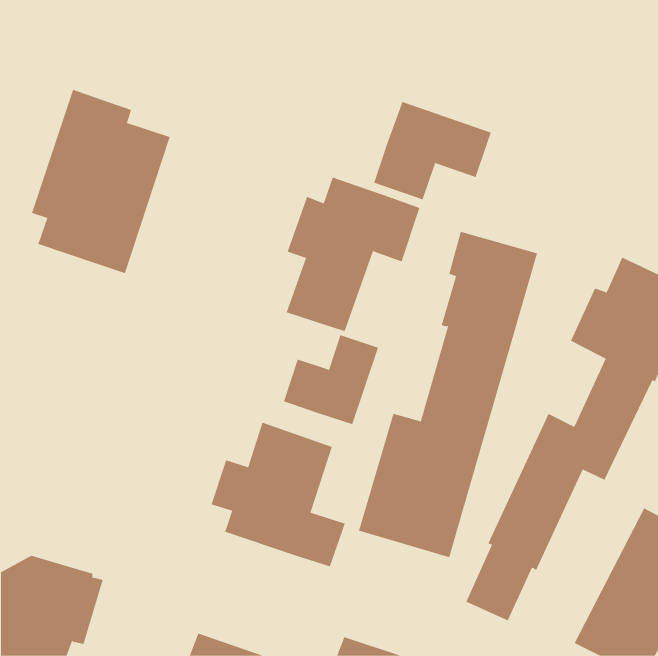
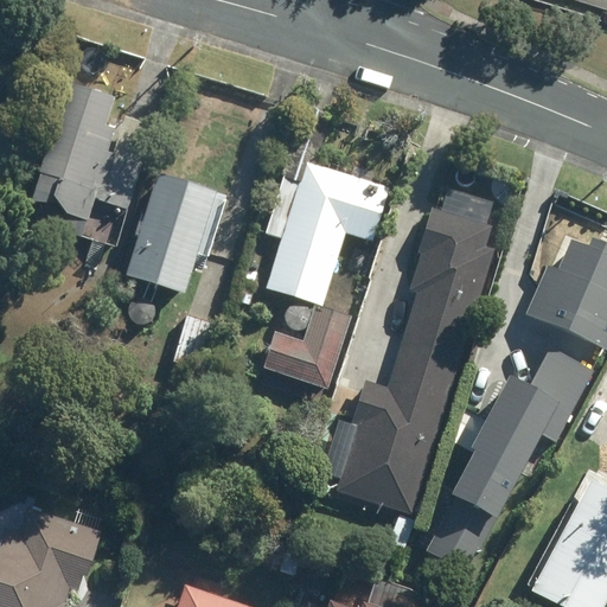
building: [374,101,492,200] -> none
building: none -> [121,172,228,298]
building: [211,422,346,567] -> none

